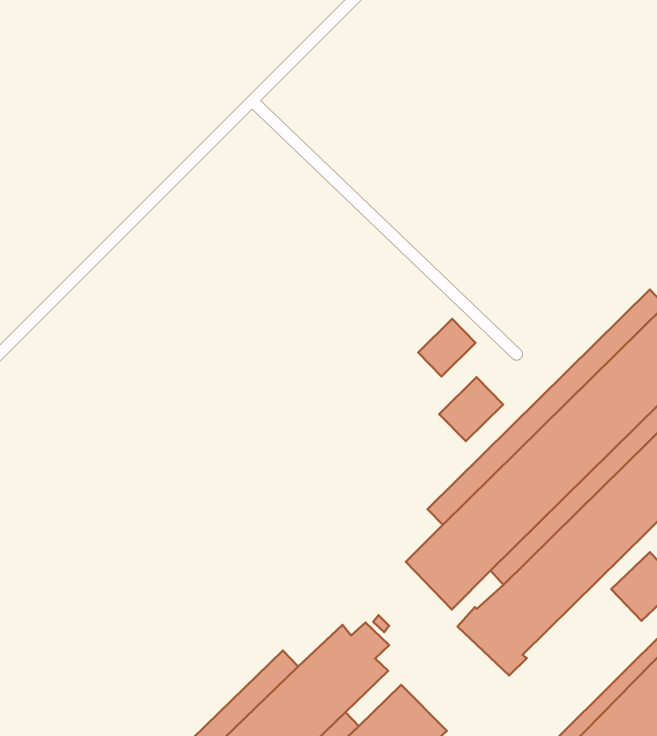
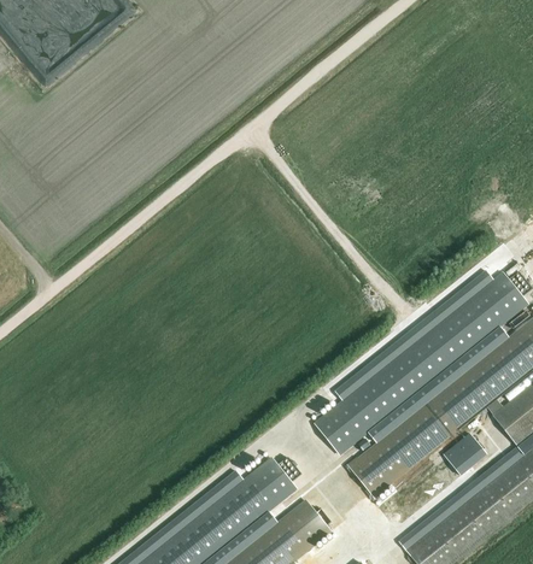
building: [418,319,476,376] -> none
building: [439,377,503,441] -> none

